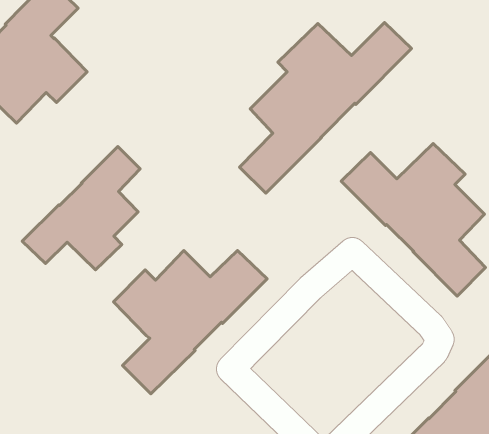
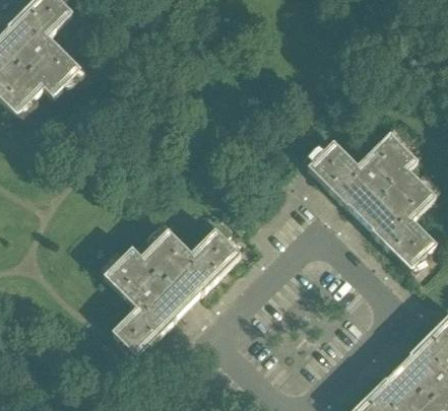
building: [240,23,412,193] -> none
building: [22,147,140,270] -> none

